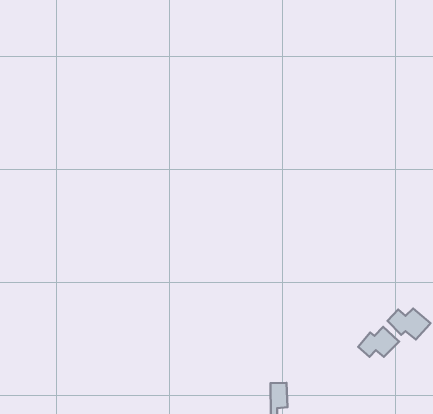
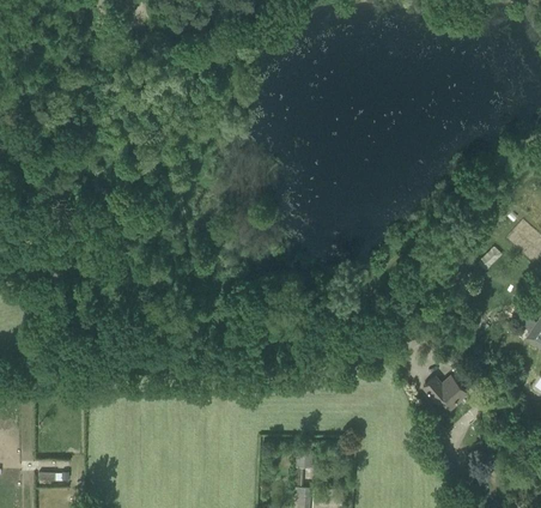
building: [358,327,399,357] -> none

